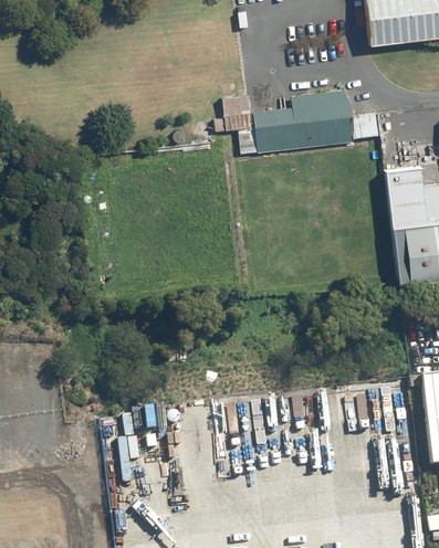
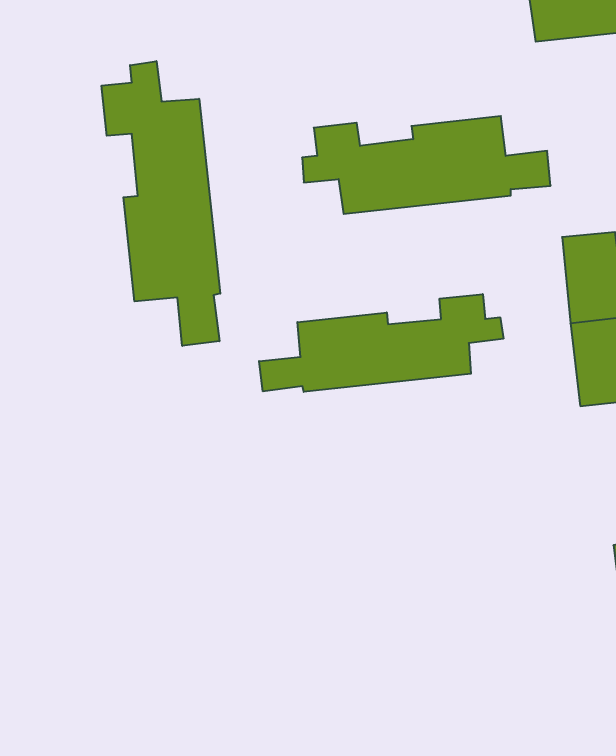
building: none -> [102,61,220,346]
building: none -> [259,294,503,392]

